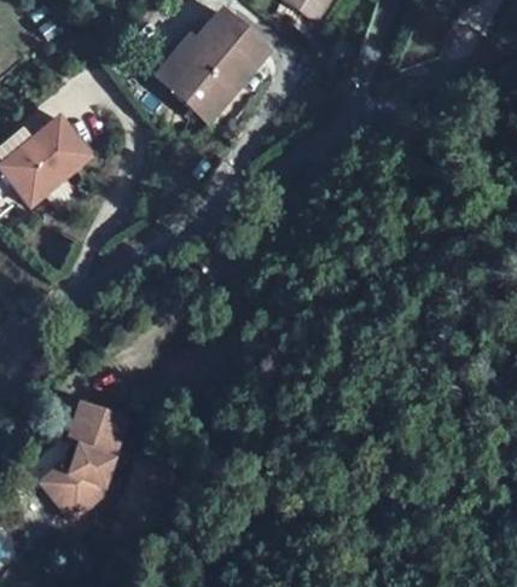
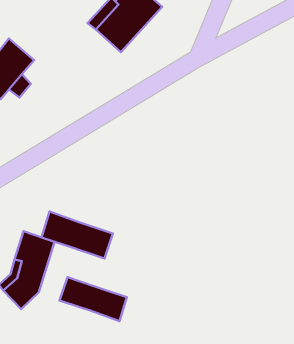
building: none -> [42,212,113,259]
building: none -> [60,277,127,321]

